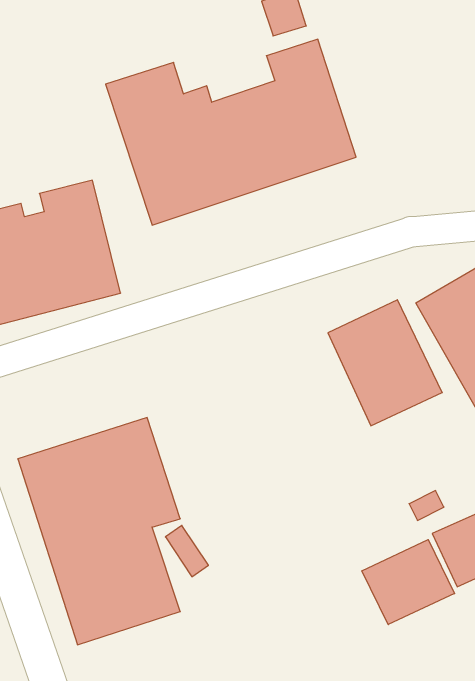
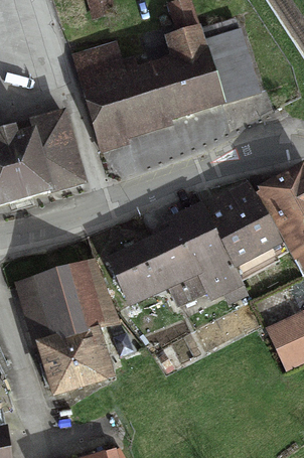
building: none -> [200,20,255,103]
building: none -> [112,202,240,308]
building: [362,540,455,625] -> none

